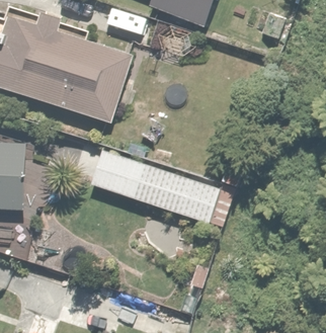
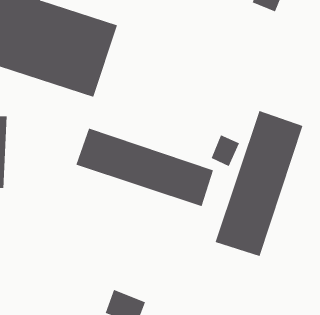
building: none -> [215,110,303,257]

